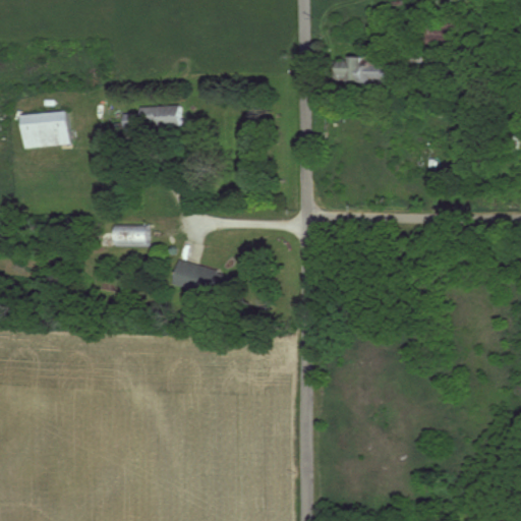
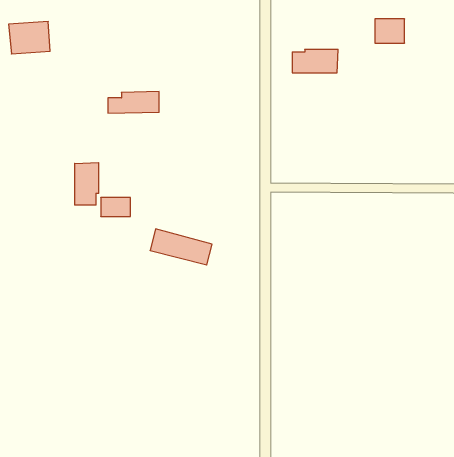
building: [21,110,68,147] -> [9,22,50,54]
building: none -> [75,163,99,205]

